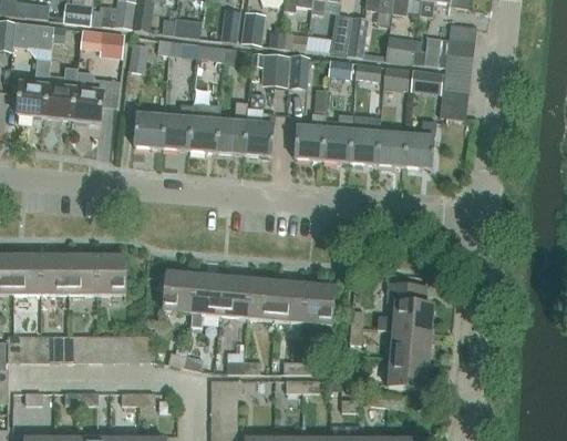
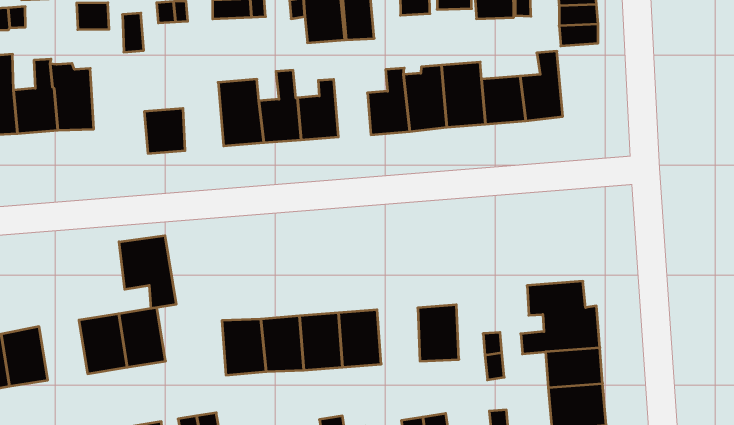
building: [162,103,193,147] -> none
building: none -> [119,236,176,308]
building: [39,254,68,293] -> none
building: [276,280,308,321] -> none

